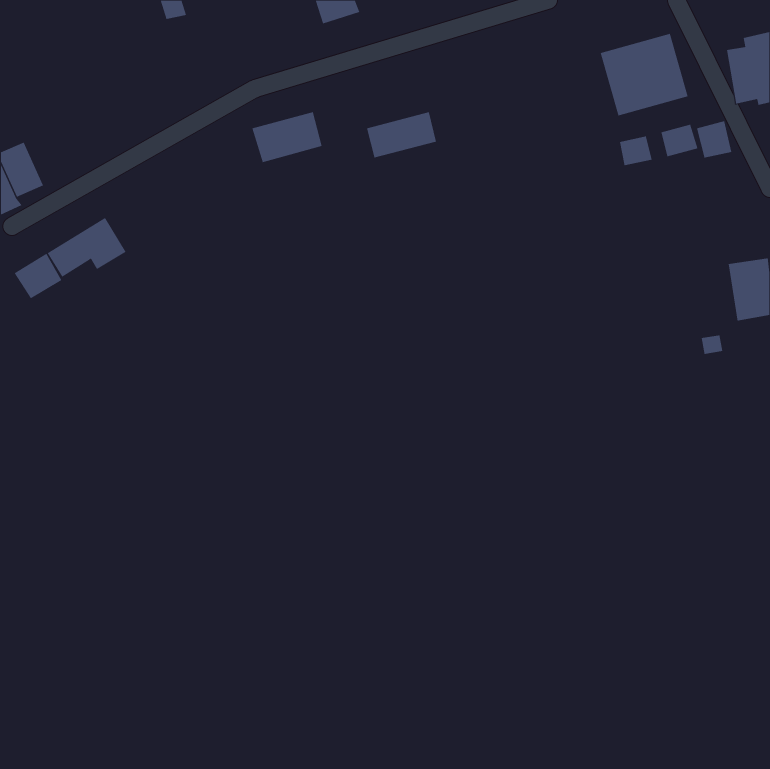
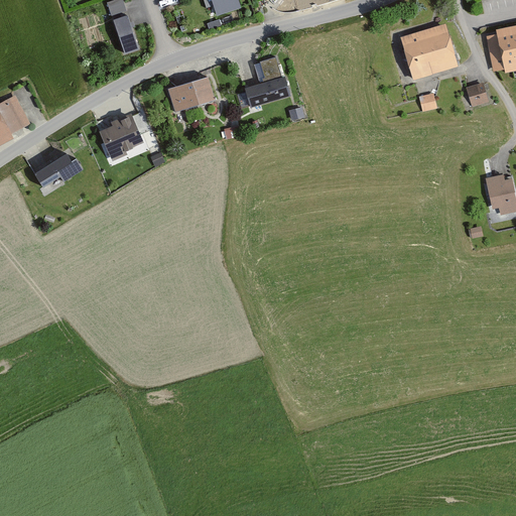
building: none -> [111,13,140,52]
building: none -> [257,57,283,81]
building: [661,124,698,157] -> none
building: none -> [101,117,145,156]
building: [14,253,62,299] -> none

